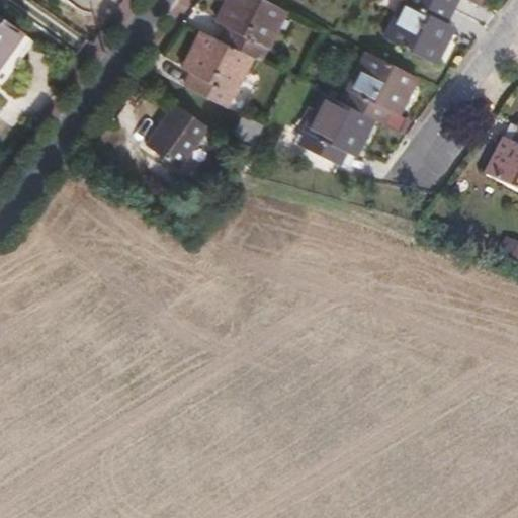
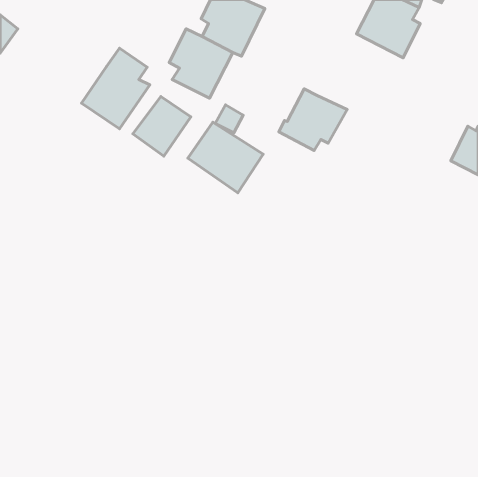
building: [343,52,418,122] -> none
building: none -> [81,48,150,129]
building: none -> [188,122,263,193]

